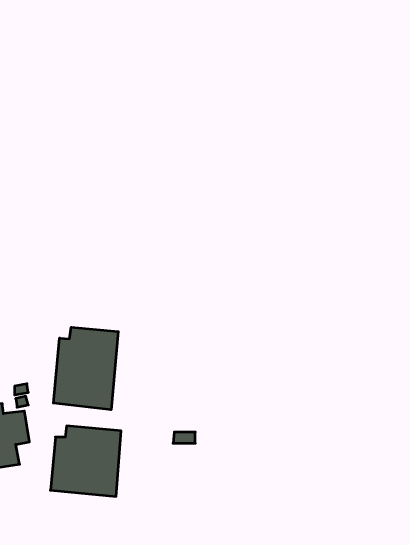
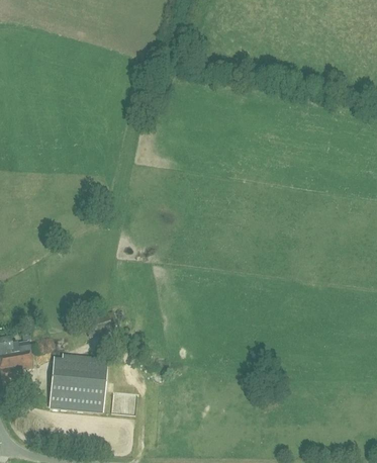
building: [53,327,118,410] -> none

